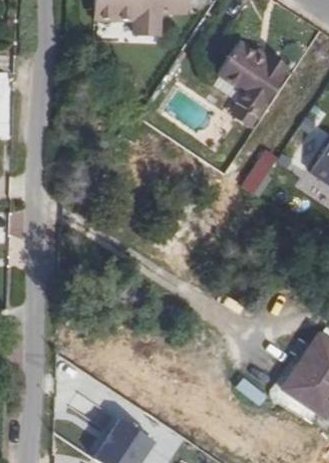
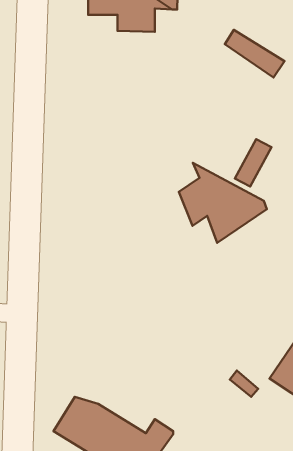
building: [214,52,279,131] -> none
building: none -> [179,163,267,243]

